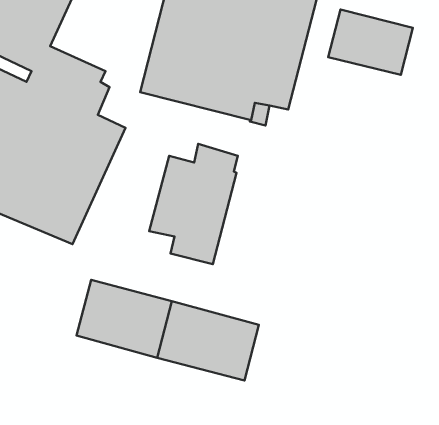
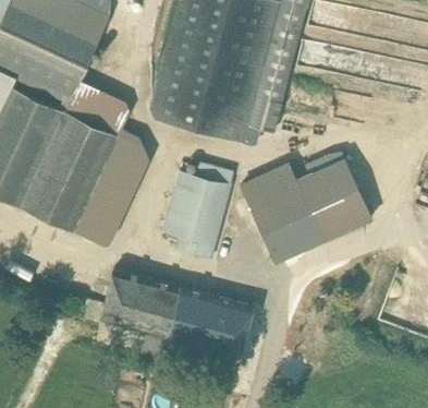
building: [328,9,413,75] -> none
building: none -> [241,157,374,262]

